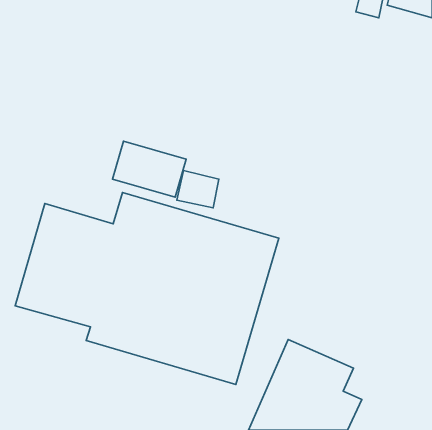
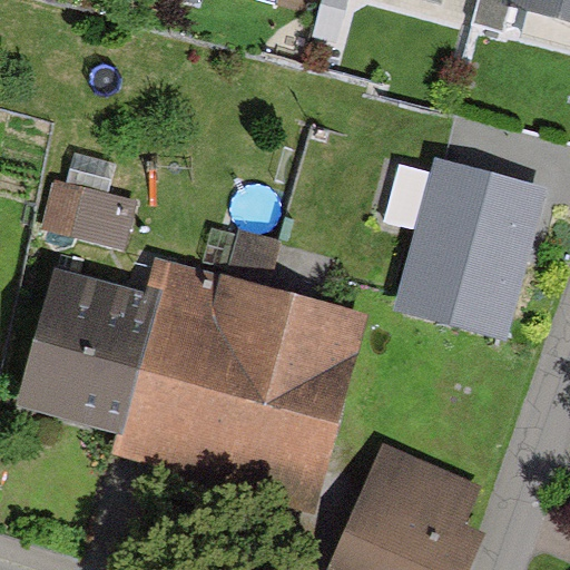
building: none -> [383,165,543,344]
building: [113,141,186,197] -> [42,176,139,249]

